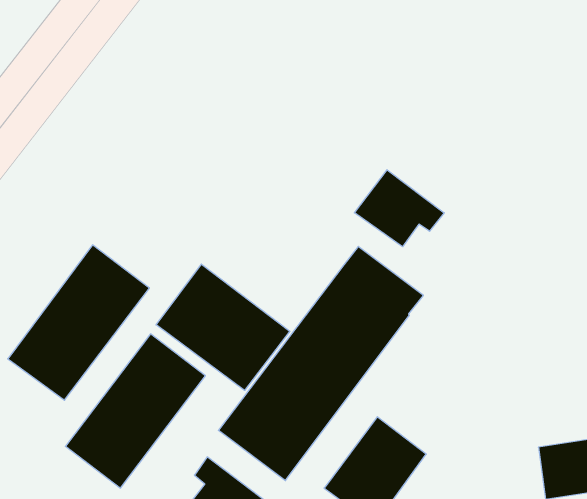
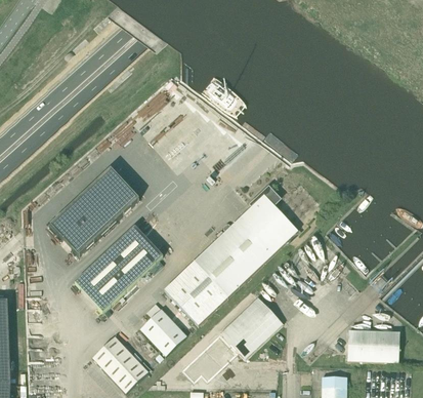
building: [354,170,444,247] -> none
building: [156,264,290,390] -> none

